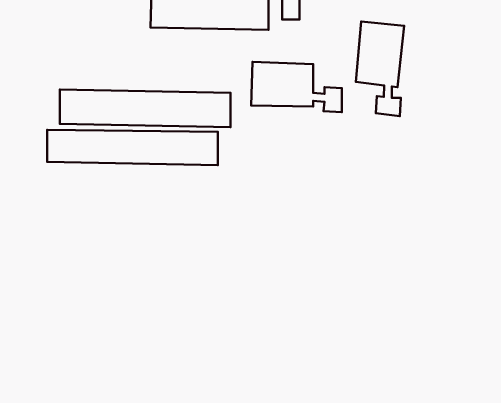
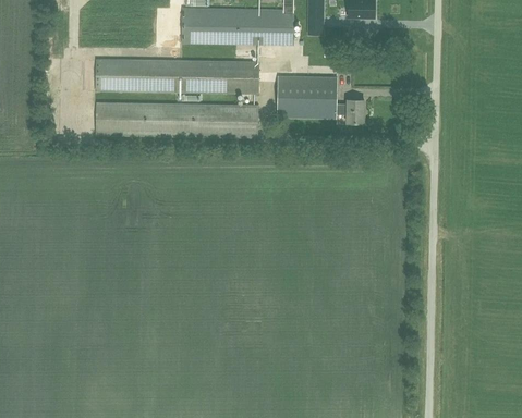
building: [356,22,404,116] -> none
building: [47,130,218,165] -> [96,59,258,93]

